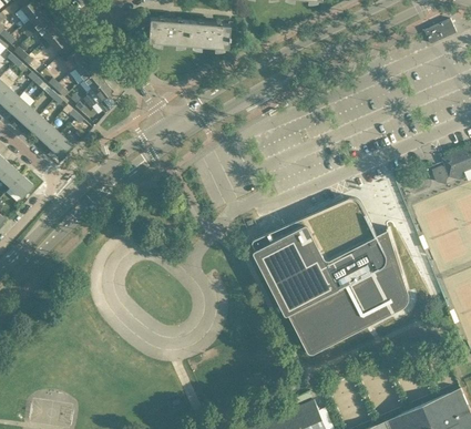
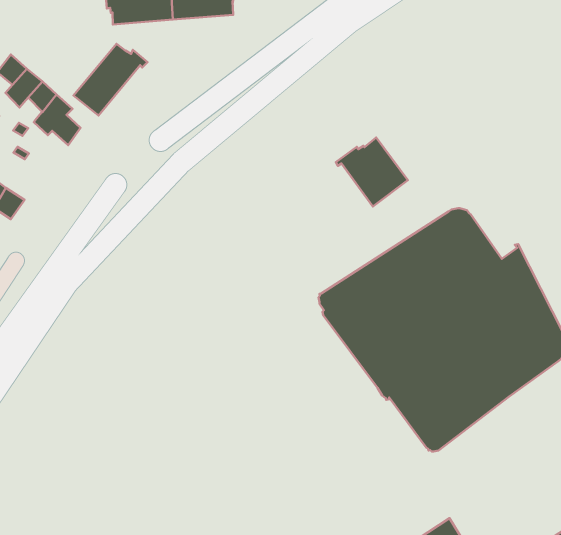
building: none -> [73,44,147,116]
building: none -> [336,137,408,206]

